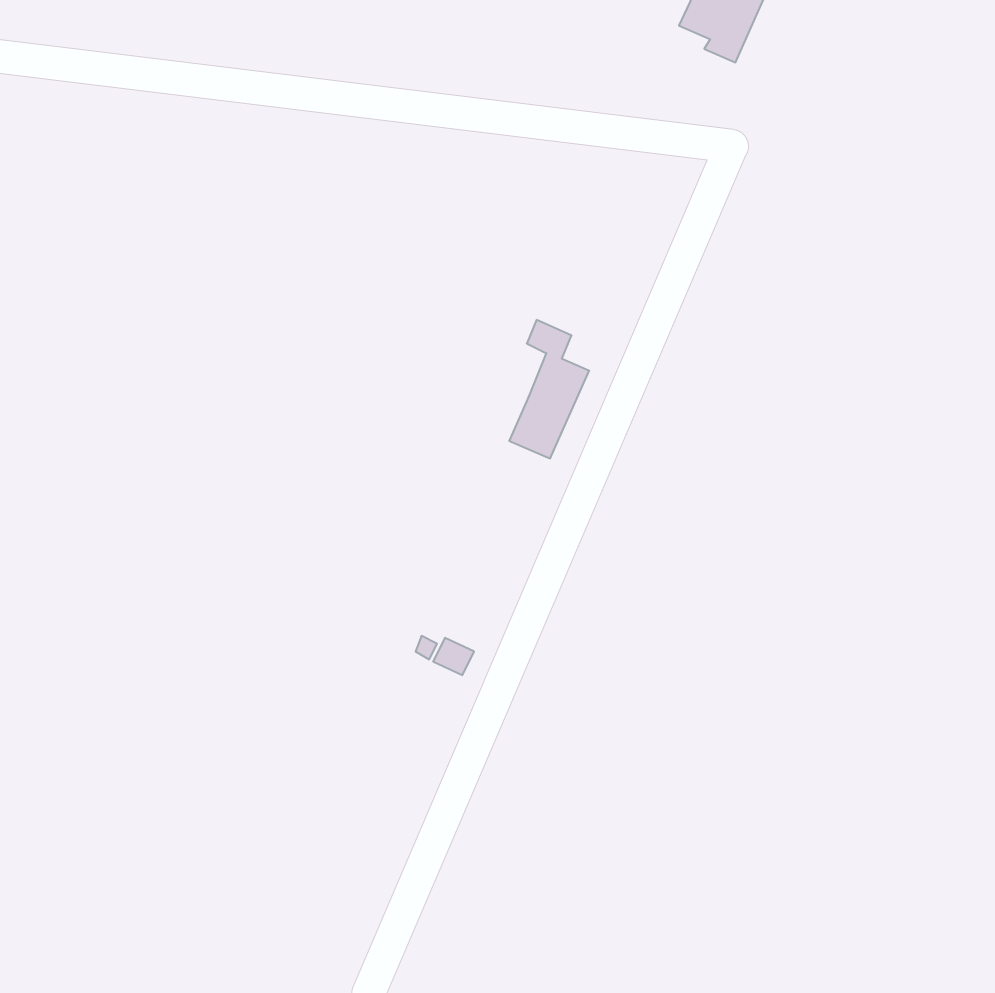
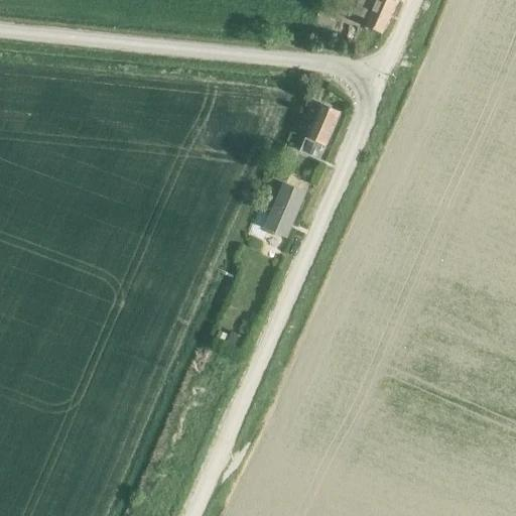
building: none -> [297,97,339,154]

